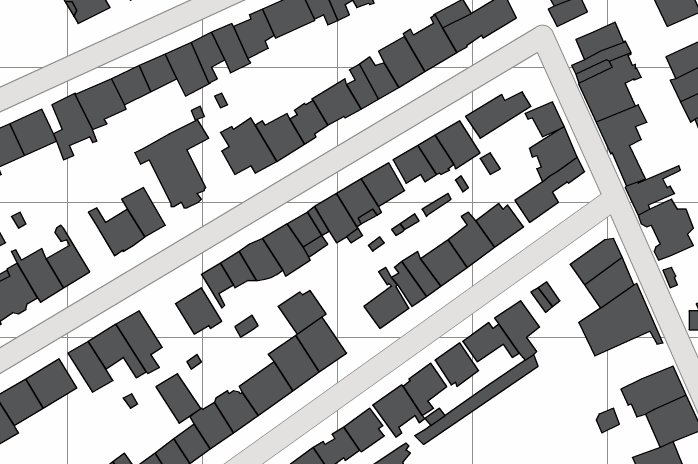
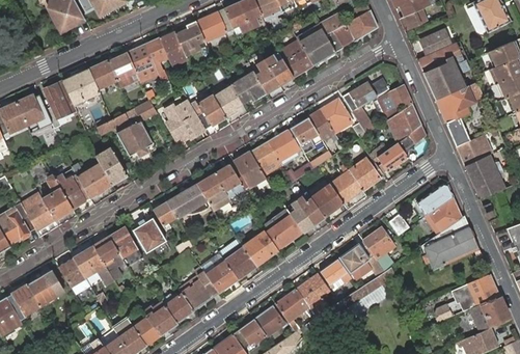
building: none -> [54,172,90,208]
building: [278,291,326,334] -> [243,235,277,266]
building: [156,374,201,423] -> [108,226,140,262]

